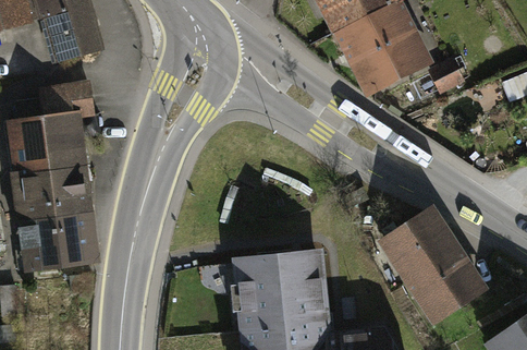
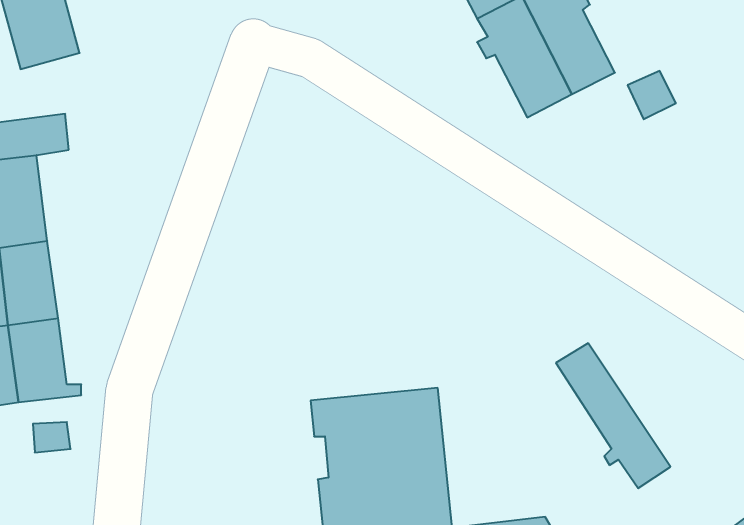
building: [408,214,478,302] -> none

